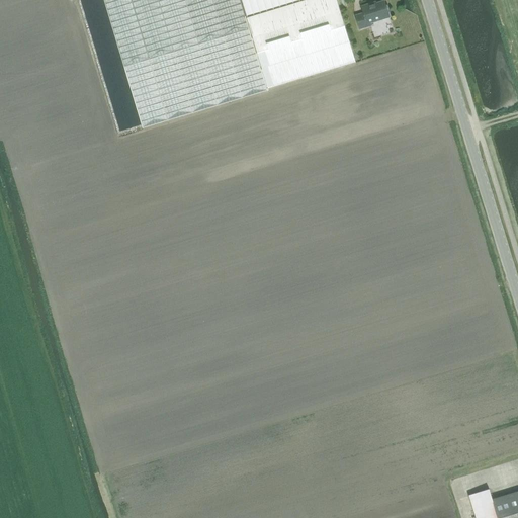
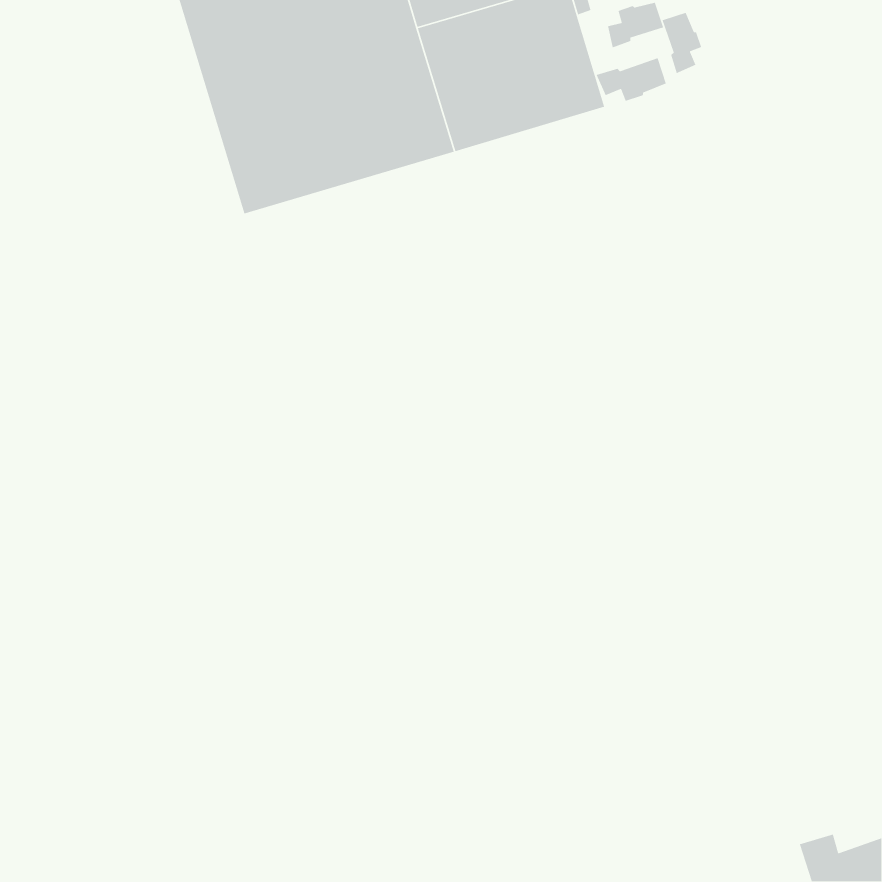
building: none -> [662,12,702,74]
building: none -> [595,57,667,102]

